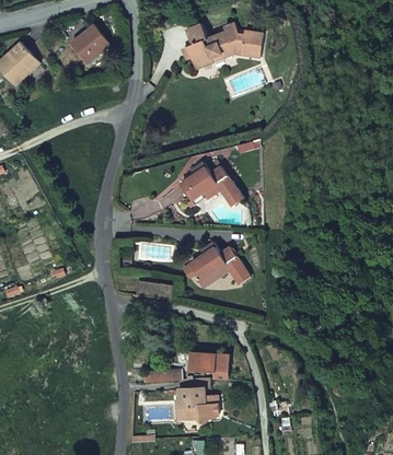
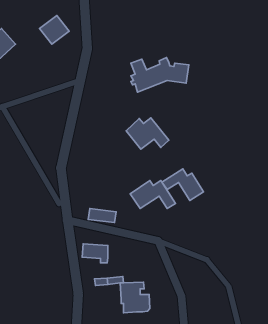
building: [186,24,263,70] -> [131,58,189,92]
building: none -> [162,169,203,200]
building: [189,354,223,380] -> [82,244,108,263]

